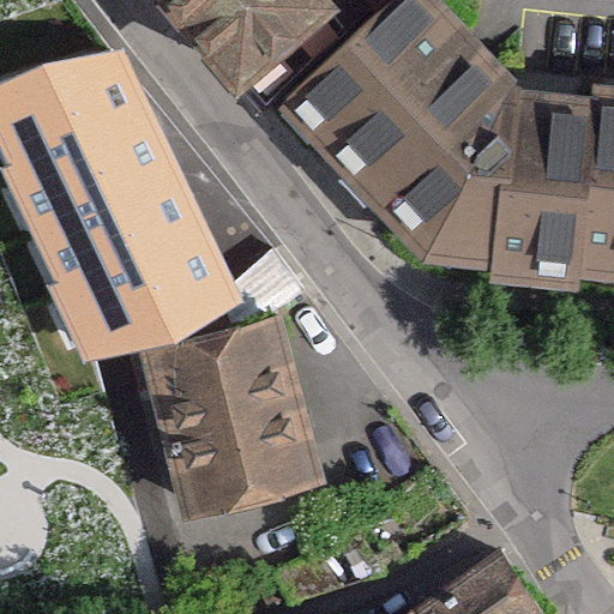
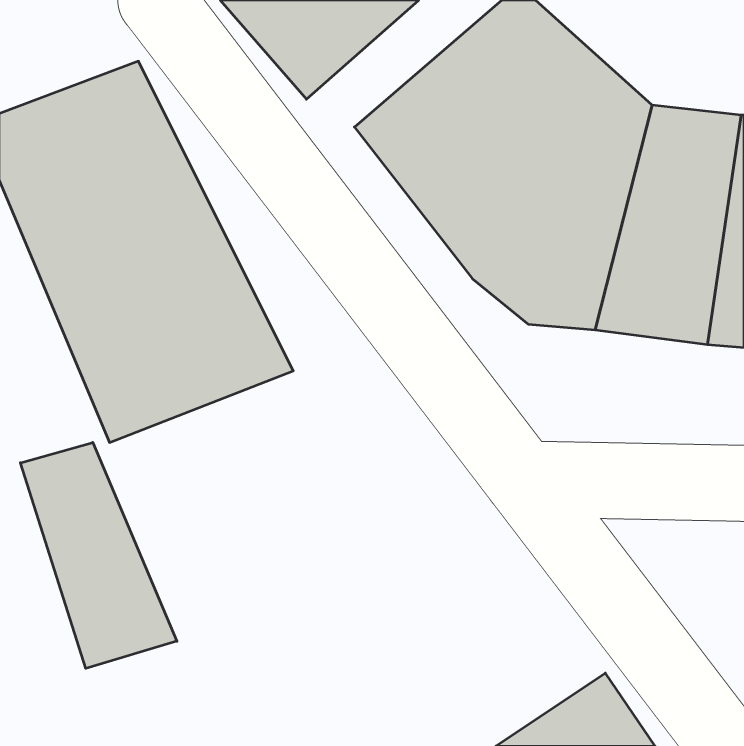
building: [139,313,331,516] -> none
building: none -> [20,442,177,668]

